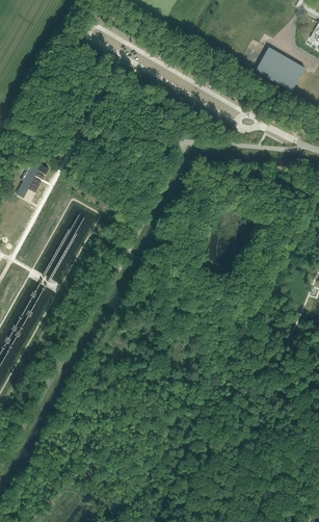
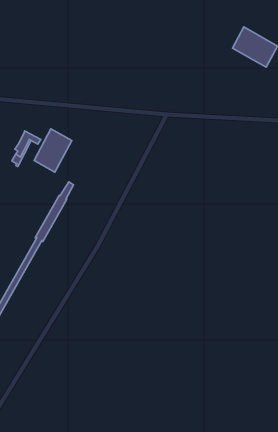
building: none -> [34,129,72,172]

